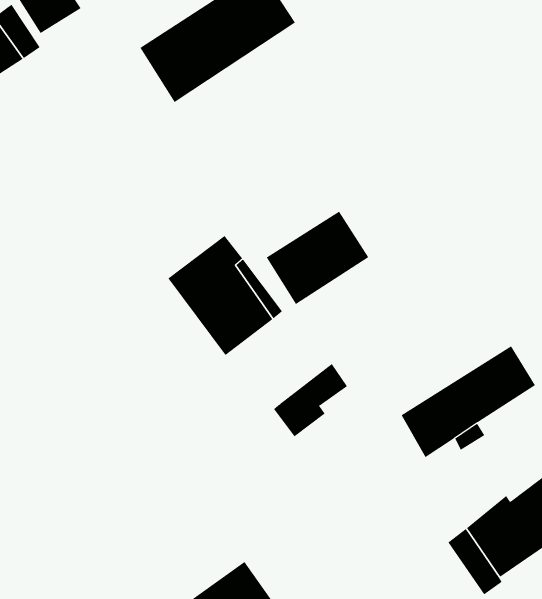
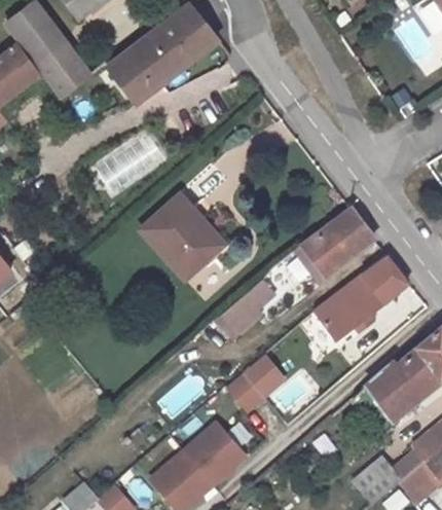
building: none -> [38,41,90,97]
building: [266,211,369,305] -> [302,207,375,276]
building: none -> [228,359,282,411]

